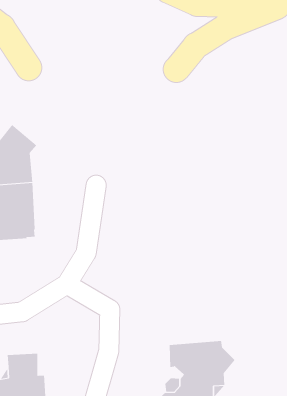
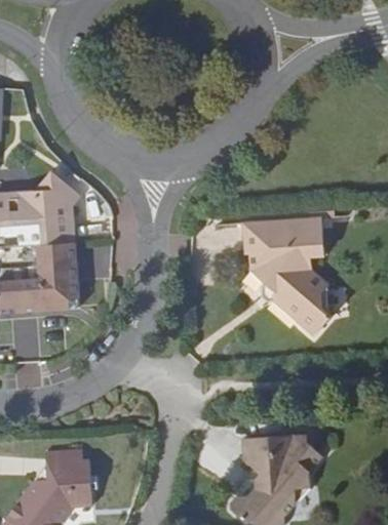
building: none -> [241,216,333,336]

